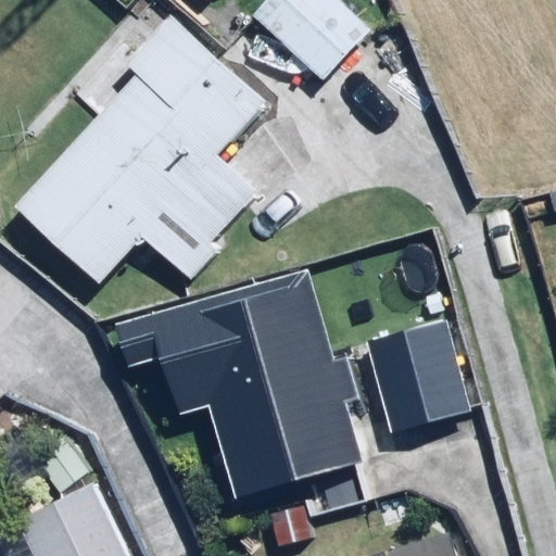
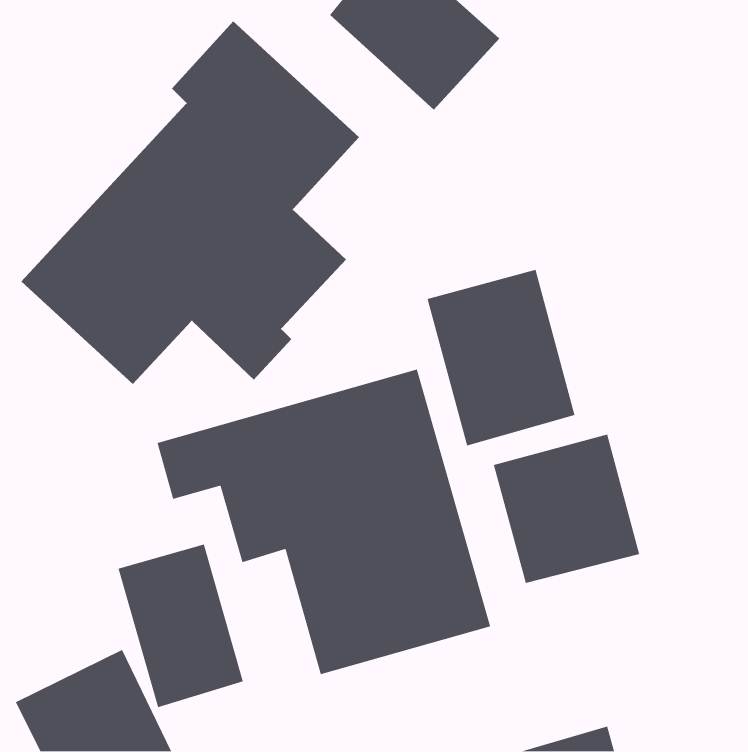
building: none -> [426,269,575,447]
building: none -> [118,543,244,708]

